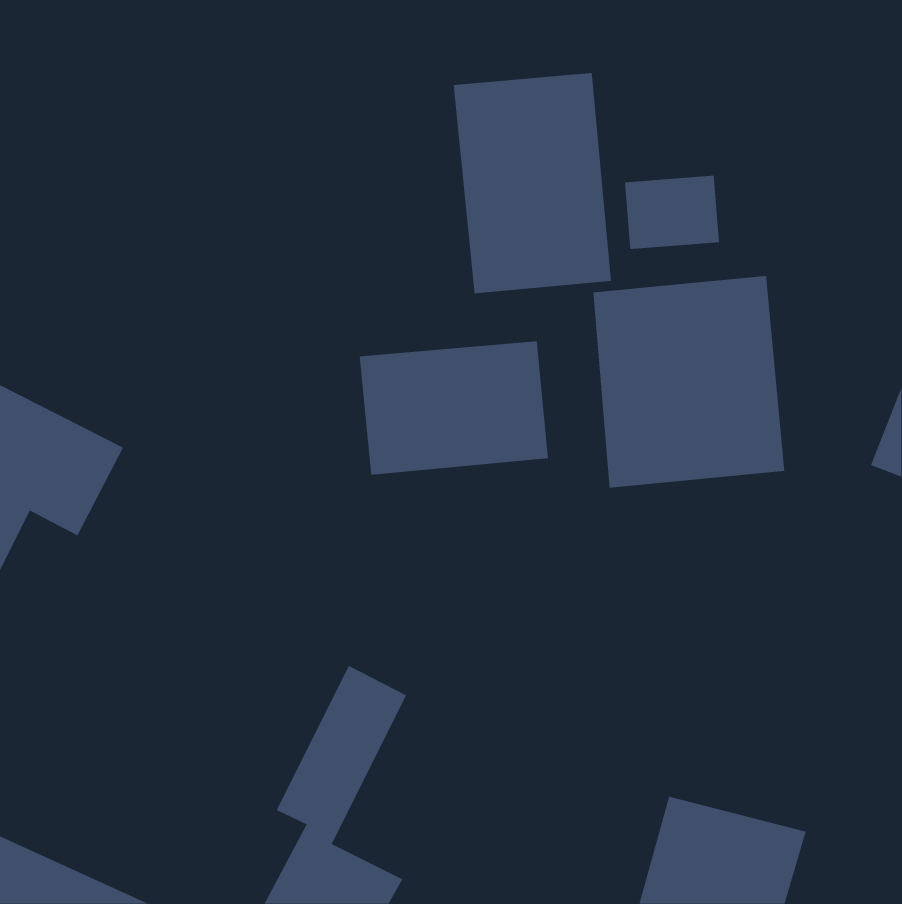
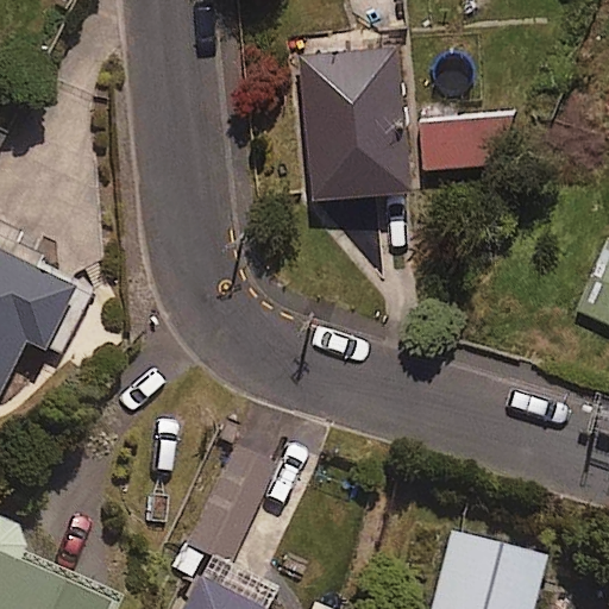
building: [593,275,785,488] -> none
building: [359,341,549,475] -> none

